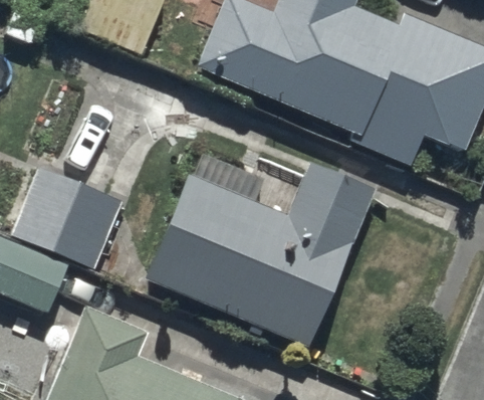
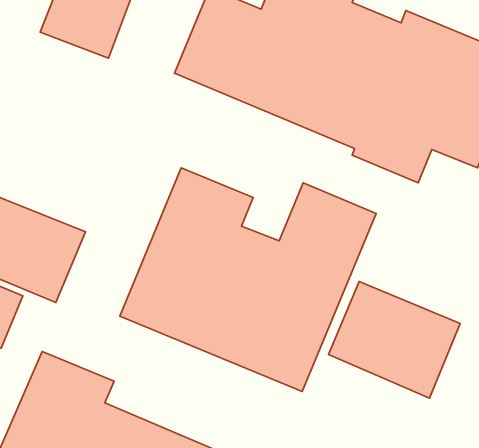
building: none -> [329,281,460,398]

